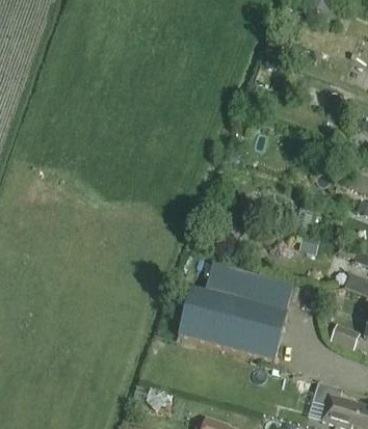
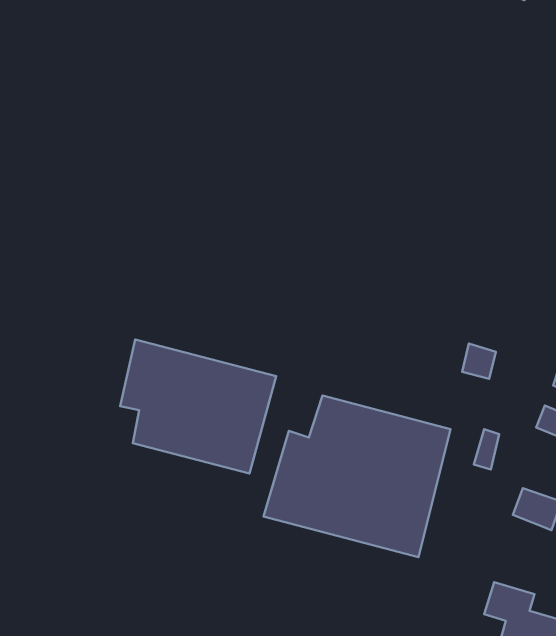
building: none -> [120,339,276,473]

